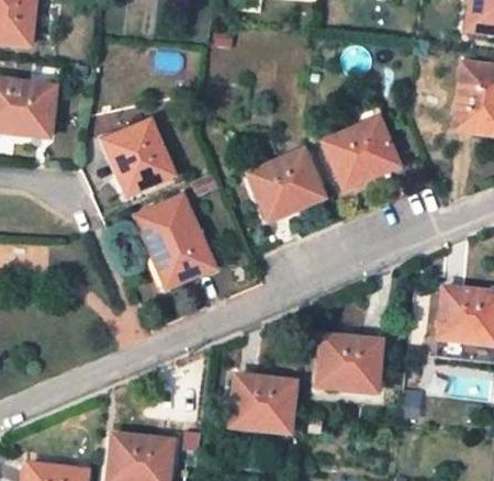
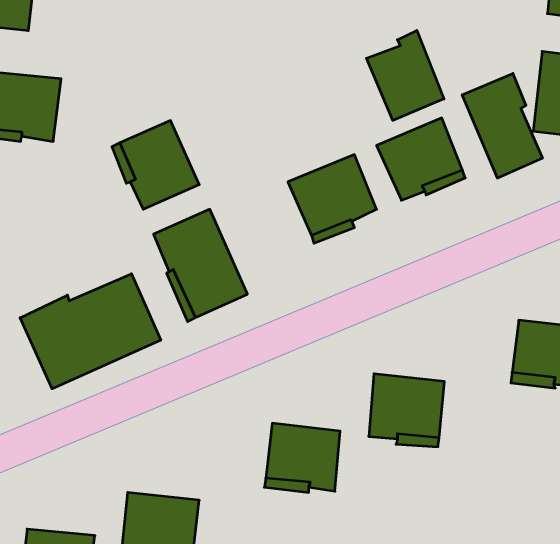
building: none -> [366,30,444,120]
building: none -> [462,73,542,178]
building: none -> [20,274,161,389]

